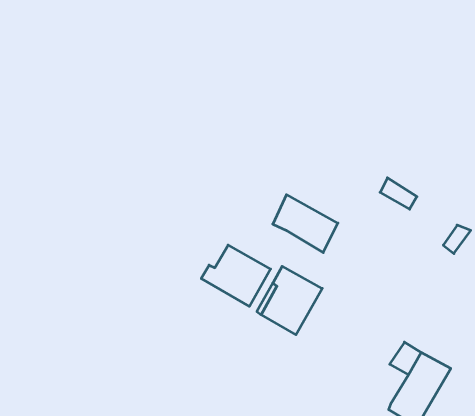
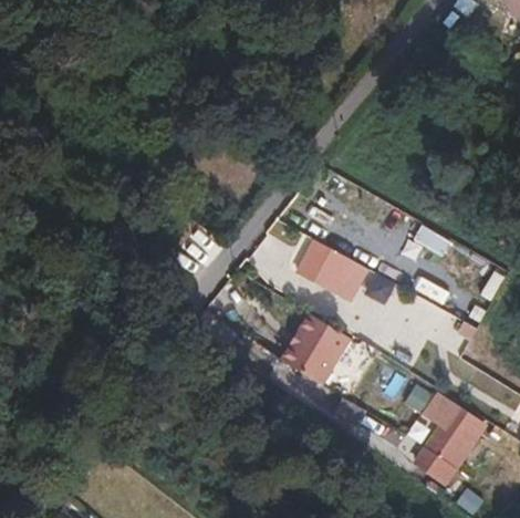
building: [201,245,271,306] -> none

